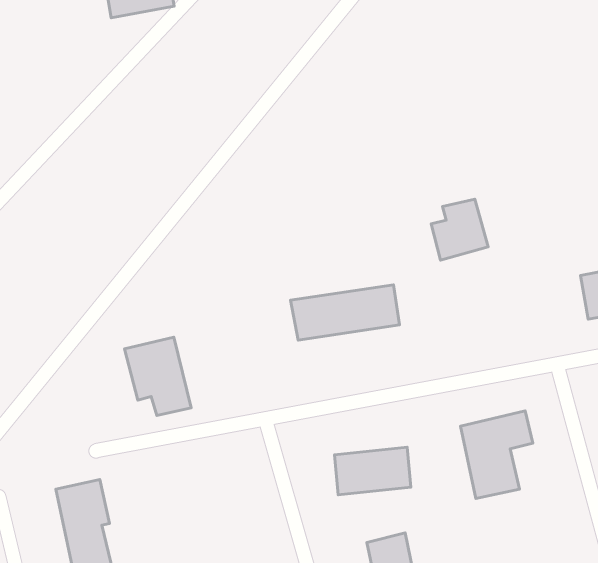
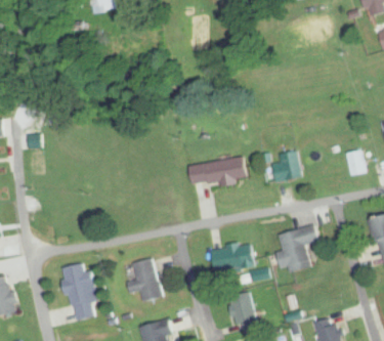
building: [431,199,488,260] -> [270,151,301,183]
building: [124,337,191,415] -> [125,259,161,301]

